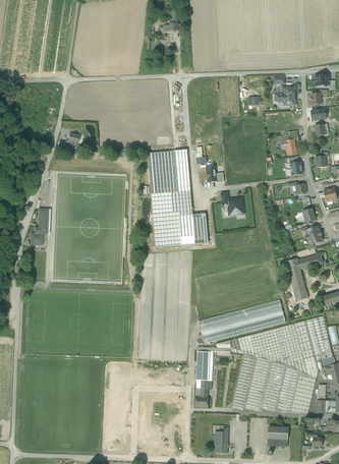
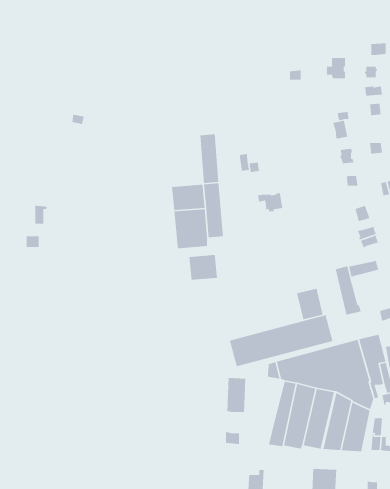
building: [149,151,178,193] -> none
building: none -> [189,254,218,281]
building: none -> [296,288,324,320]

